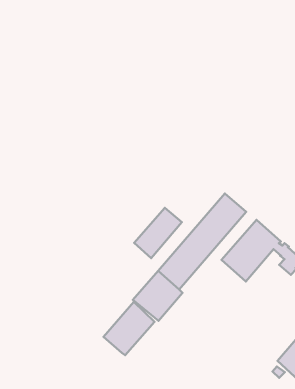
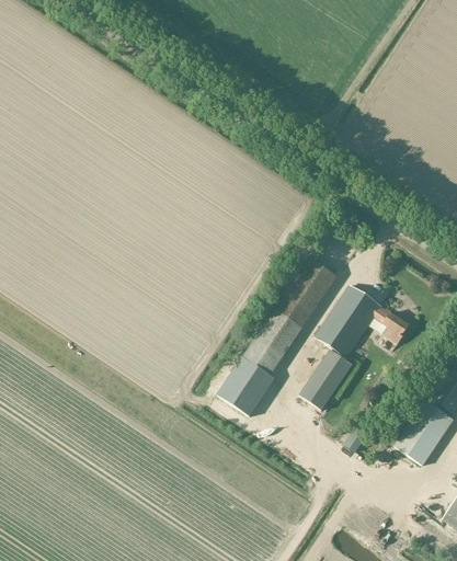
building: [134,208,182,258] -> [297,350,350,410]
building: [103,302,155,355] -> none

